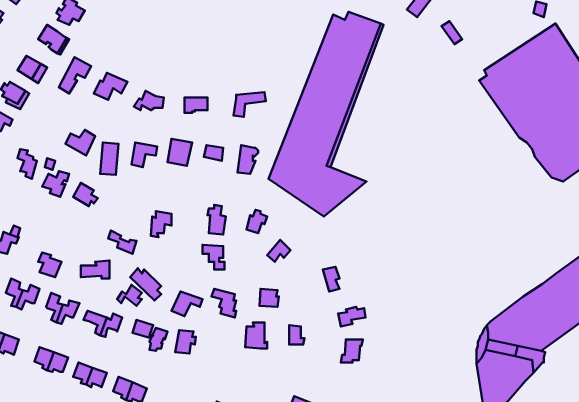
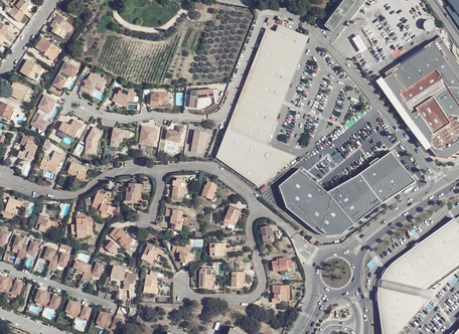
building: none -> [29,95,54,131]
building: none -> [278,151,415,235]

